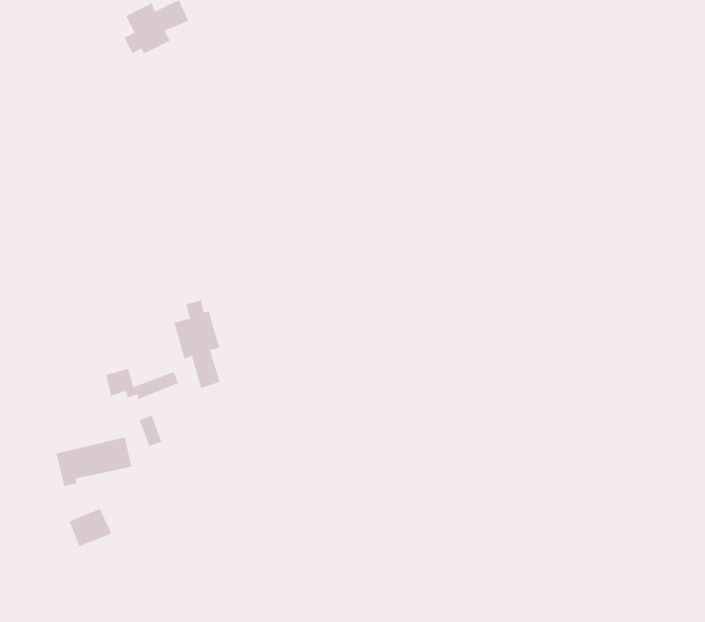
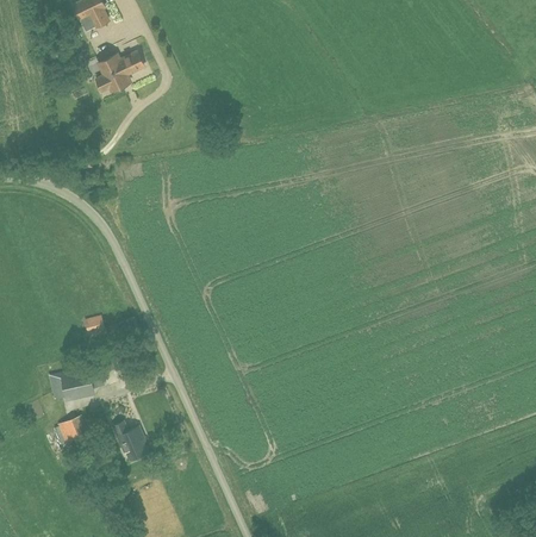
building: [174,300,221,389] -> none
building: none -> [114,423,147,460]

